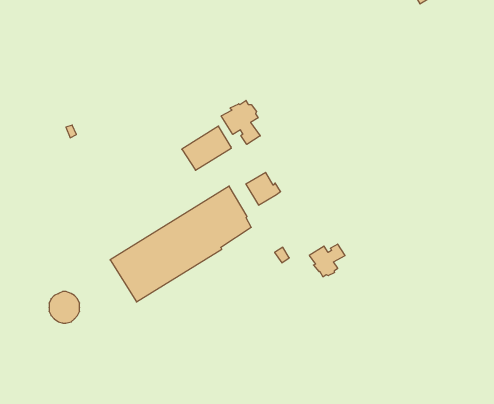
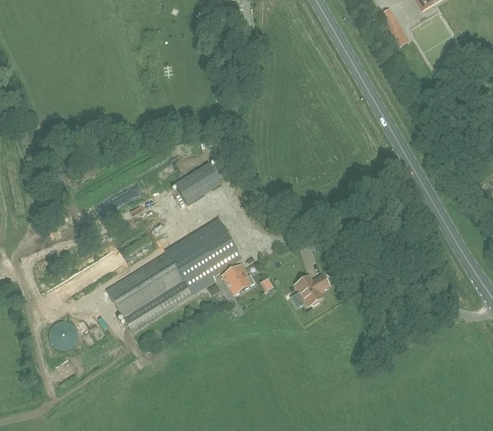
building: [221,100,260,144] -> none
building: [246,172,281,205] -> [222,263,255,294]

